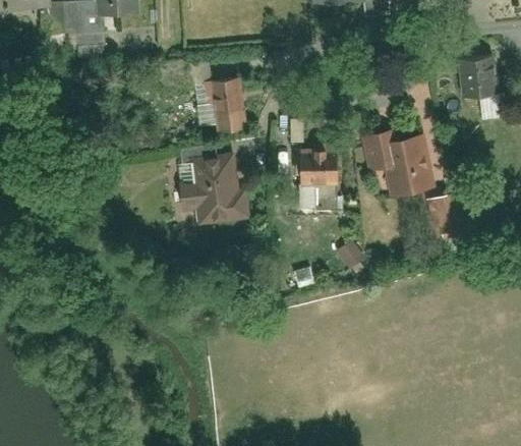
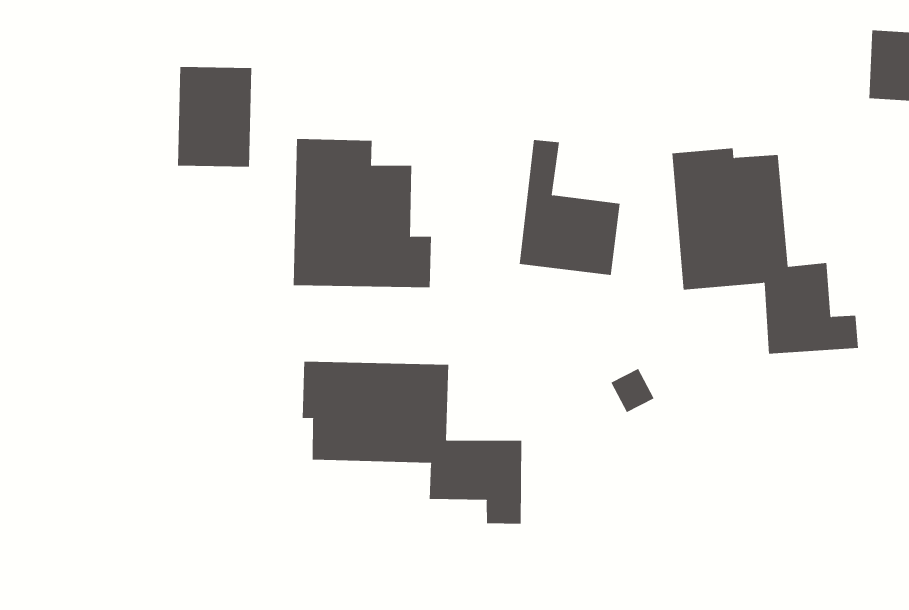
building: [199,77,242,133] -> [177,66,252,167]
building: none -> [302,361,522,524]

